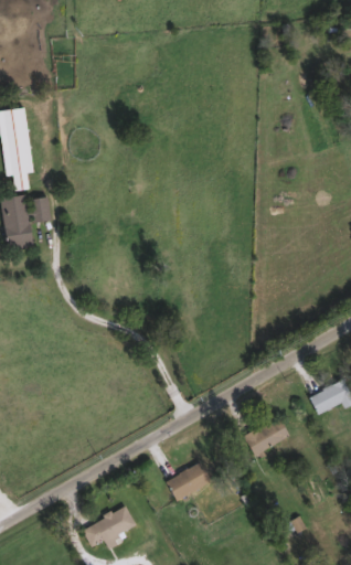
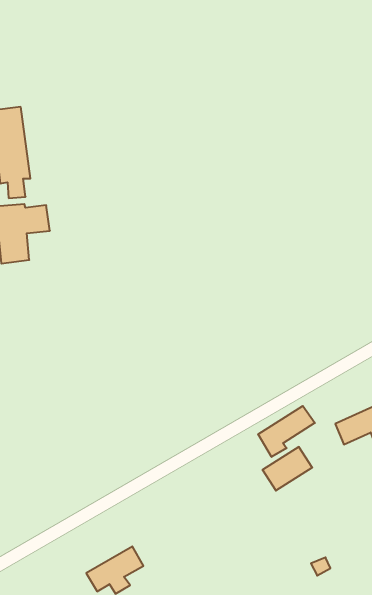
building: none -> [258,406,315,457]
building: [166,462,212,501] -> none

